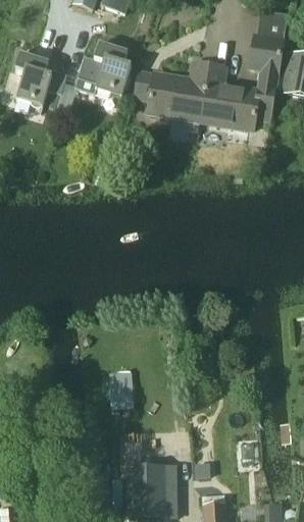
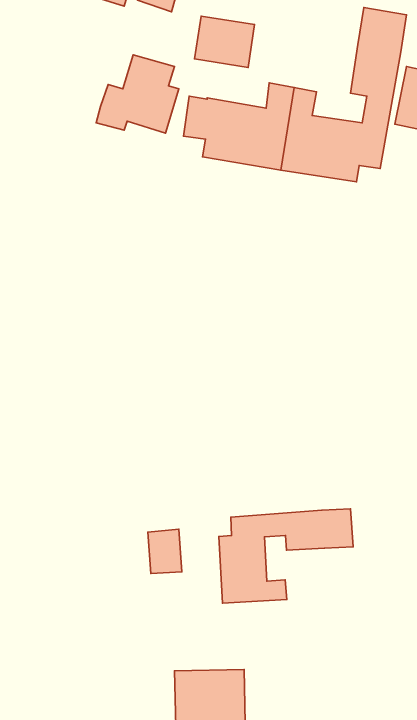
building: none -> [195,16,255,68]
building: [14,51,67,106] -> none
building: none -> [219,509,353,603]

